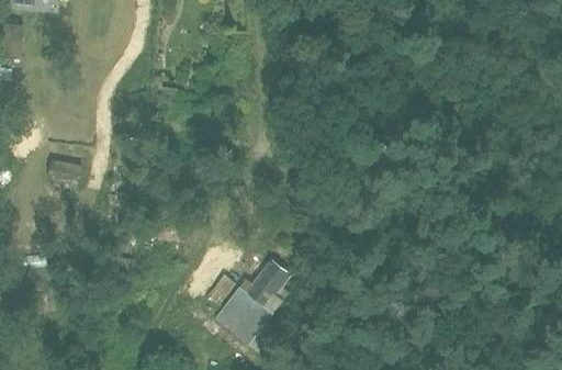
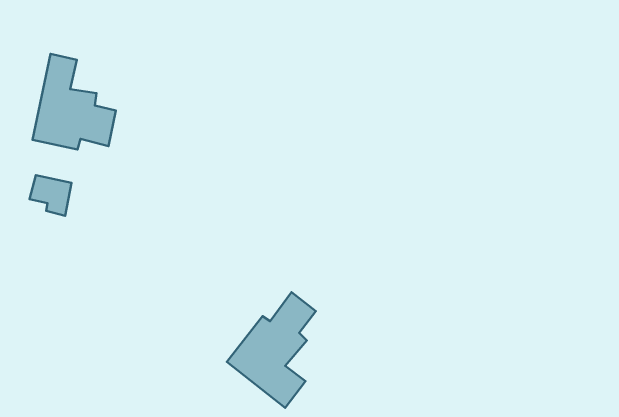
building: none -> [32,54,116,149]

